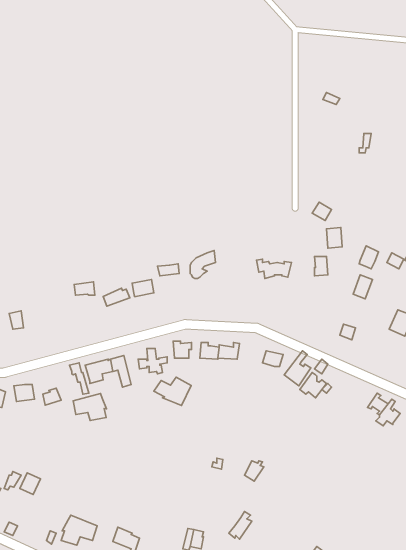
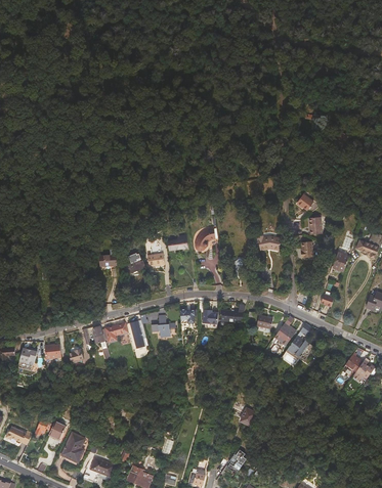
building: [154,377,191,406] -> none
building: [73,394,106,420] -> none
building: none -> [61,431,85,462]

